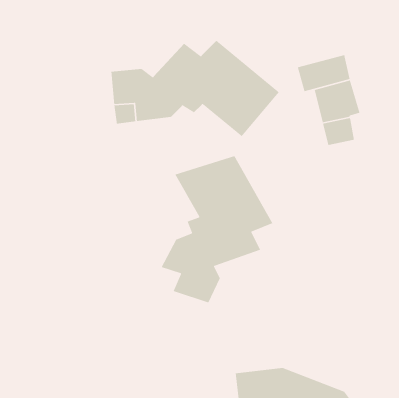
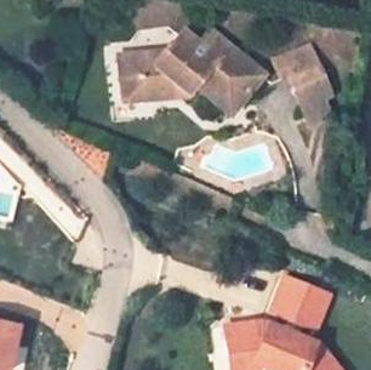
building: [161,155,274,304] -> none
building: none -> [273,269,331,325]

